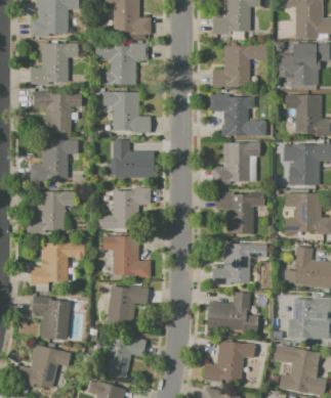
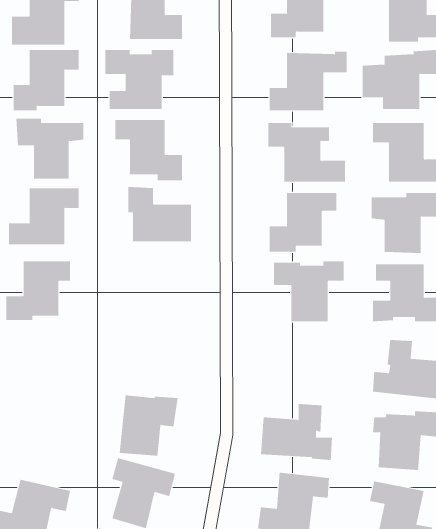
building: [95,188,150,232] -> none
building: [102,236,151,277] -> none
building: [30,242,85,284] -> none
building: [211,244,266,284] -> none
building: [31,296,71,341] -> none

